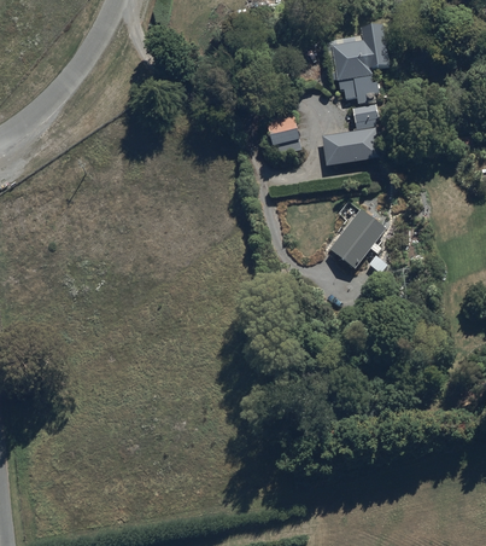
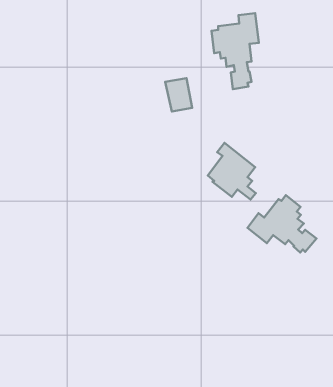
building: [322,127,379,164] -> none
building: none -> [247,195,316,252]

